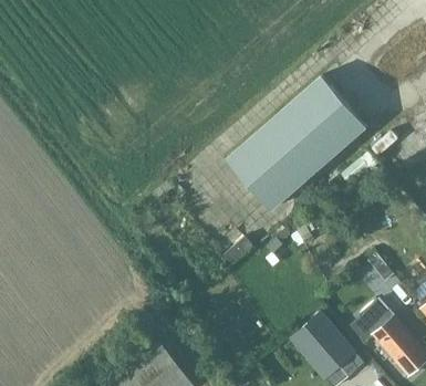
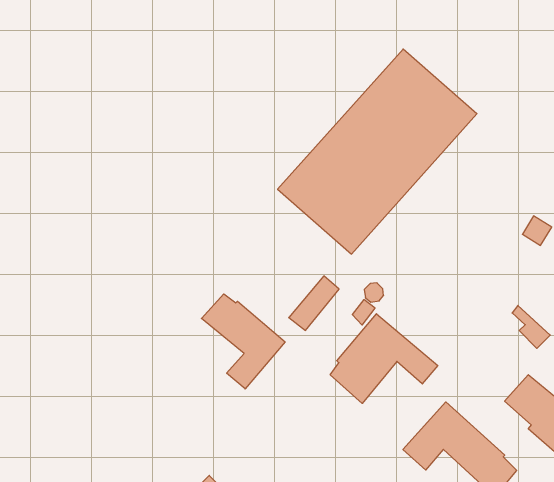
building: none -> [201,294,285,389]
building: none -> [330,314,438,403]

